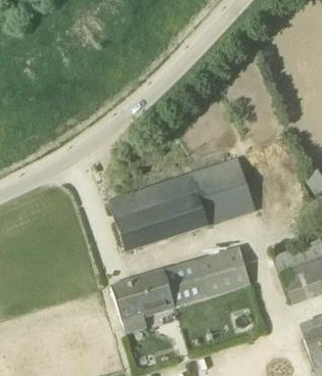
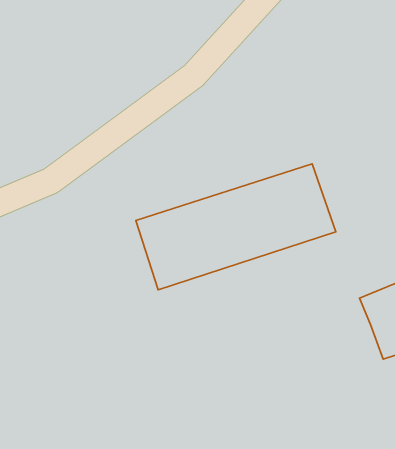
building: [110,247,249,331] -> none

